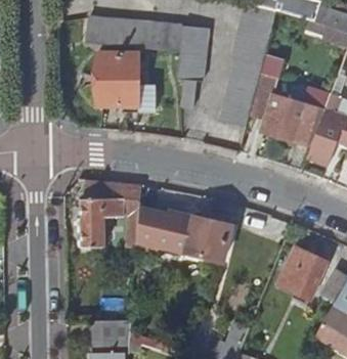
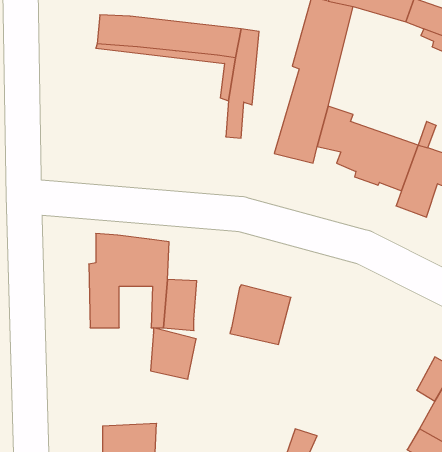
building: [96,52,157,113] -> none
building: [157,210,190,248] -> [151,328,196,379]
building: [277,246,328,300] -> none

